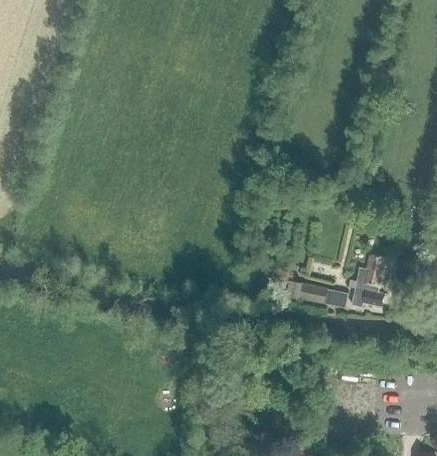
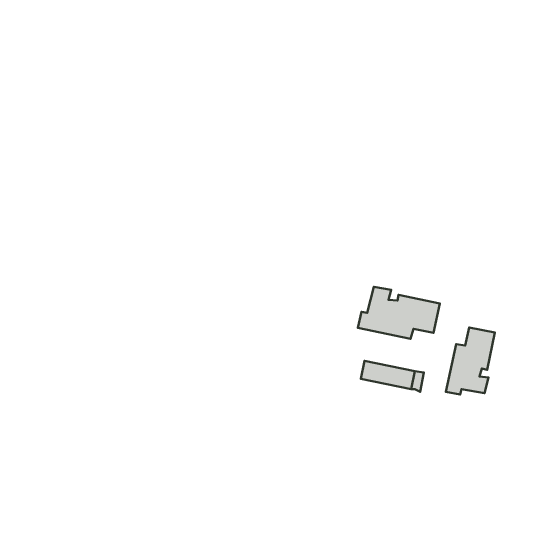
building: none -> [358,287,440,339]

